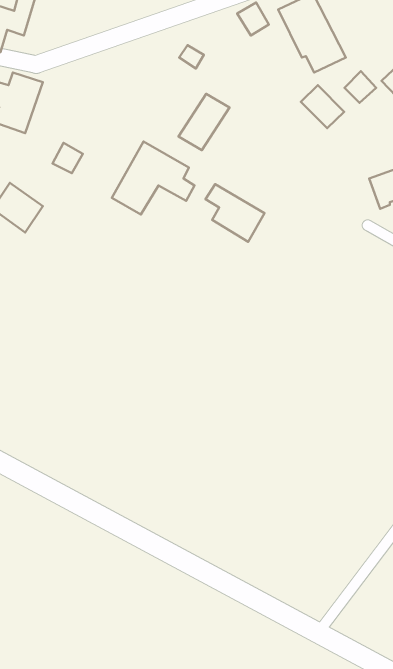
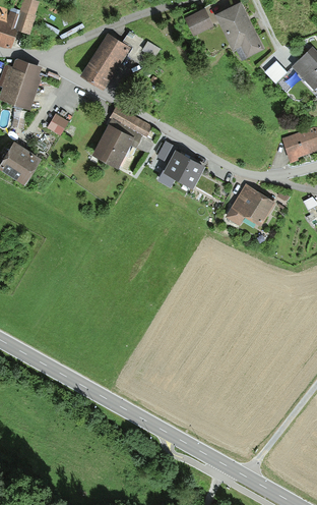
building: [301,85,344,128] -> none
building: [179,94,229,150] -> [88,37,126,78]
building: none -> [225,184,273,226]

